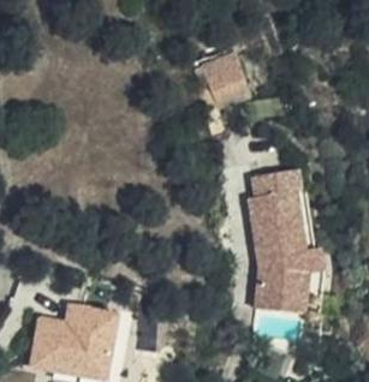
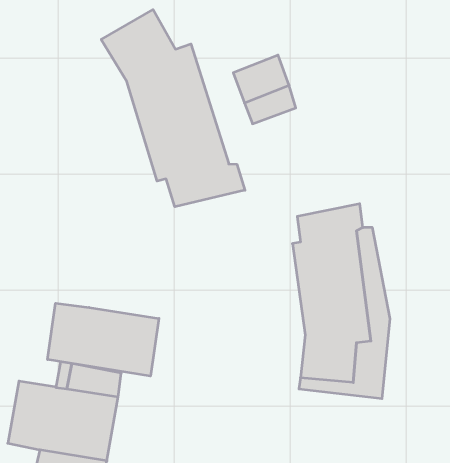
building: none -> [101,10,245,207]
building: none -> [48,303,159,376]

